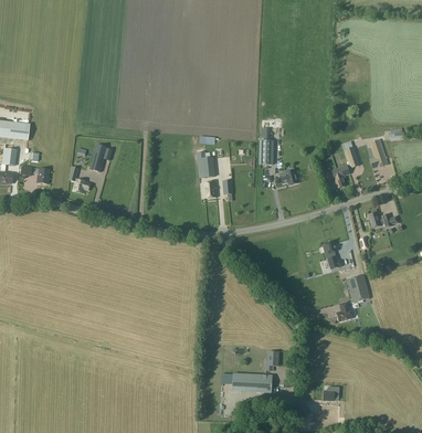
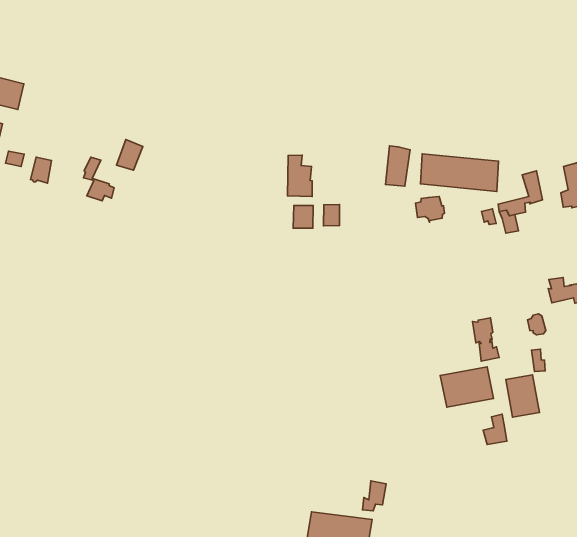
building: none -> [421,154,499,191]
building: none -> [440,367,494,407]

